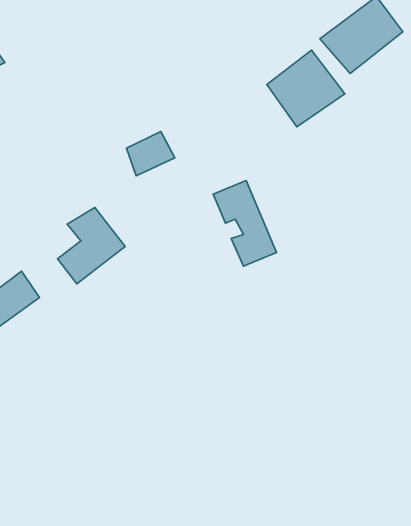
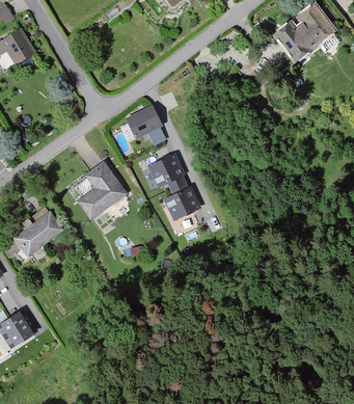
building: [267,50,345,127] -> none
building: [213,180,277,266] -> [151,154,198,218]

